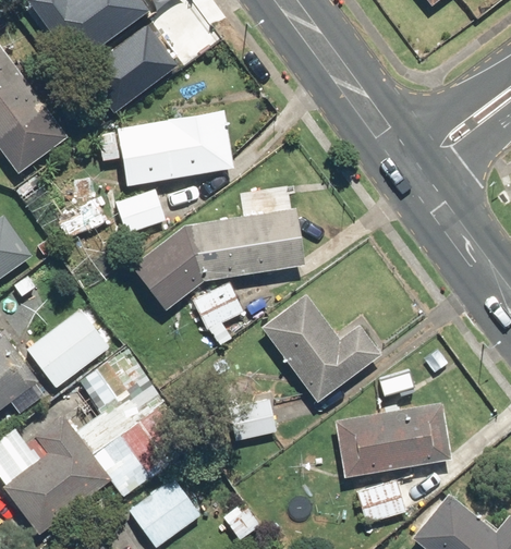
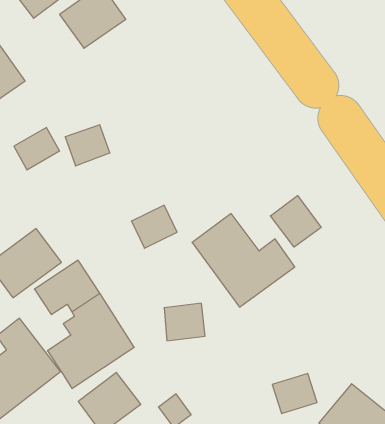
building: [117,109,231,185] -> none
building: [130,208,304,310] -> none
building: none -> [270,196,321,247]
building: [333,401,451,477] -> none

